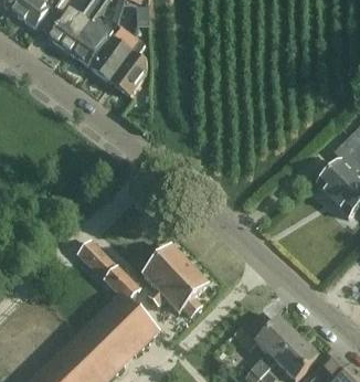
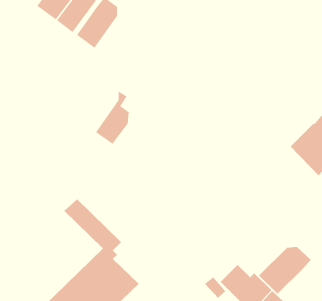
building: [110,38,147,95] -> [95,90,129,145]
building: [144,246,208,315] -> none
building: none -> [258,246,312,295]

